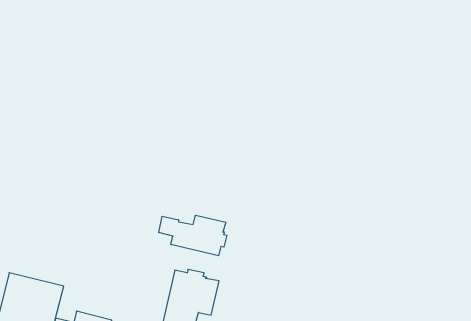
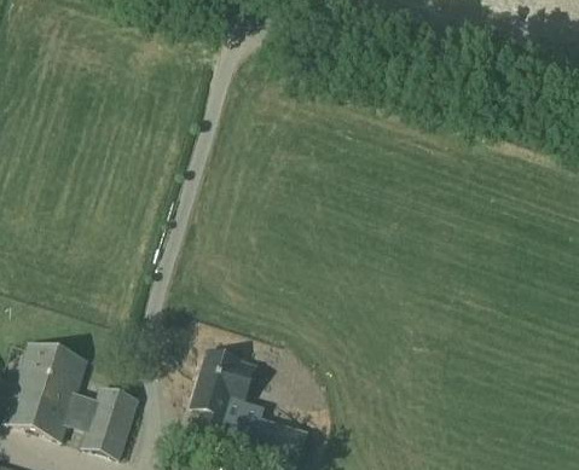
building: [159,215,227,256] -> none

